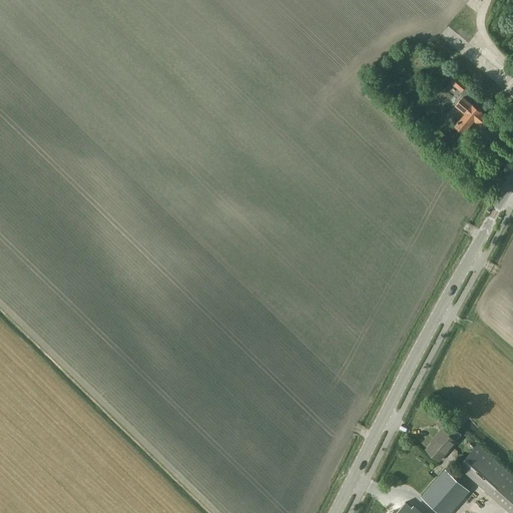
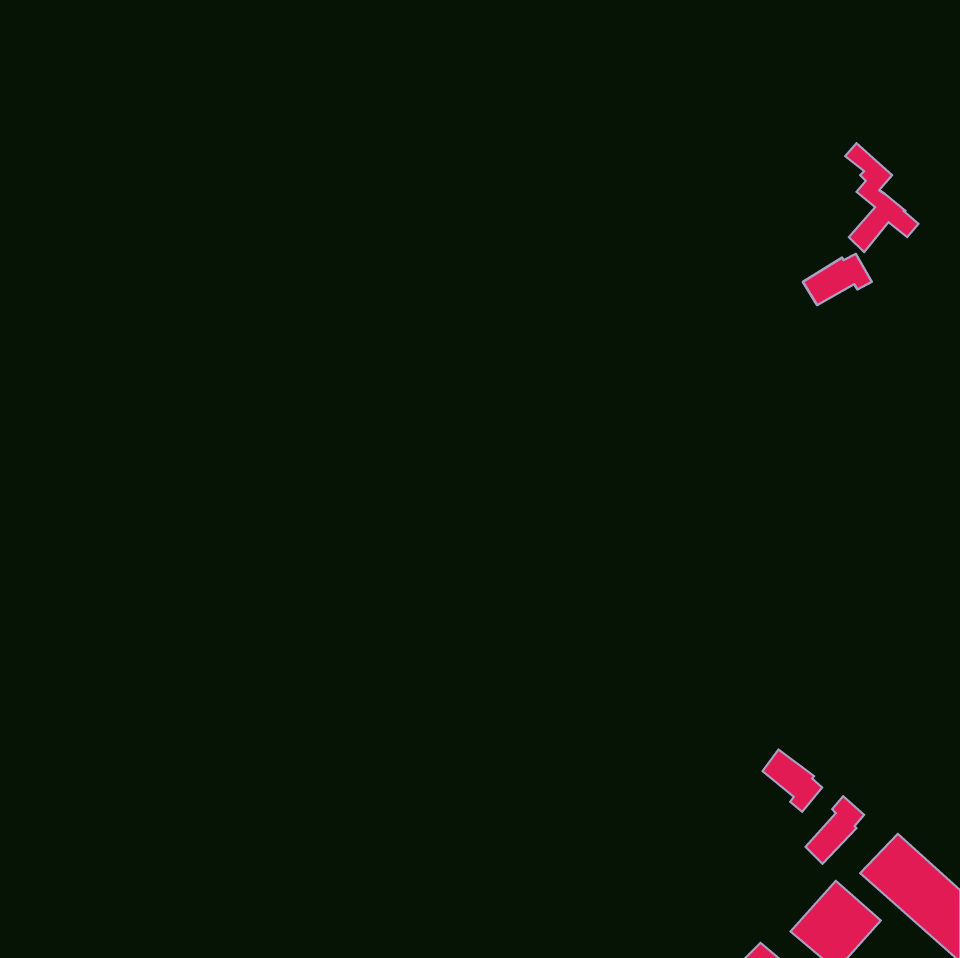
building: none -> [803,254,872,305]
building: none -> [762,750,822,812]

